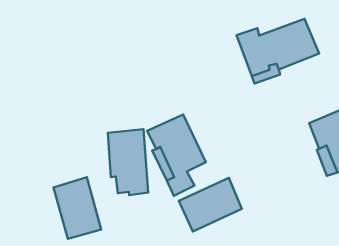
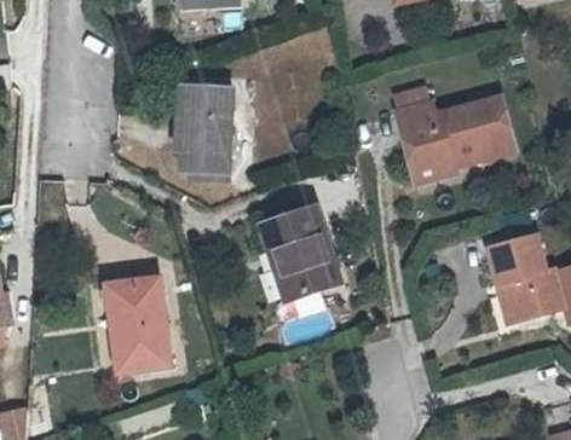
building: [108,129,148,195] -> [172,88,227,181]
building: [179,178,242,231] -> none

